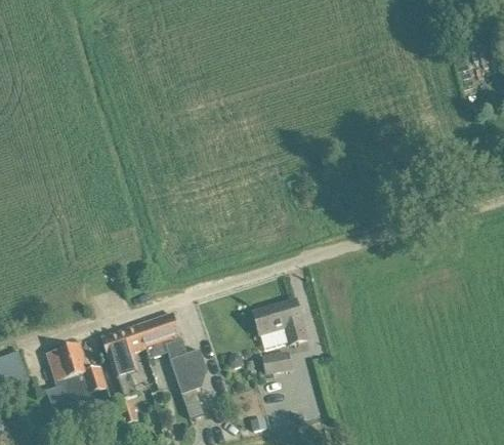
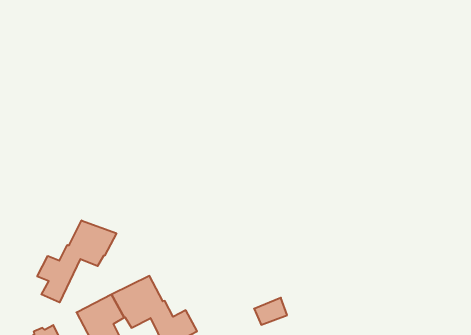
building: none -> [37,220,116,302]
building: [252,296,306,347] -> none

